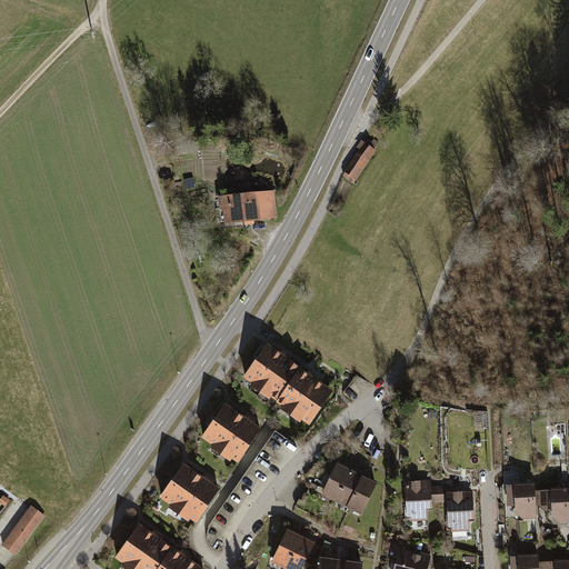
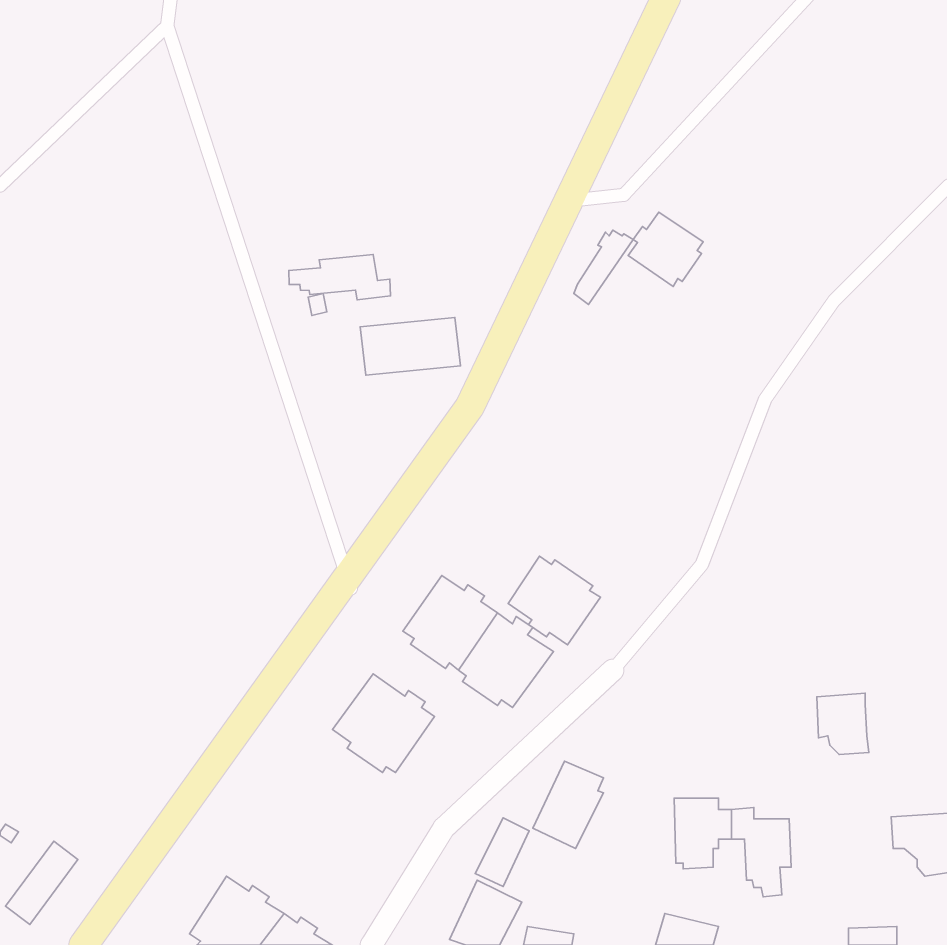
building: none -> [628,212,703,287]
building: none -> [289,254,390,300]
building: none -> [508,556,600,645]
building: [159,463,219,523] -> none
building: [346,475,378,516] -> [475,818,529,886]
building: [506,482,537,519] -> [817,693,869,755]

